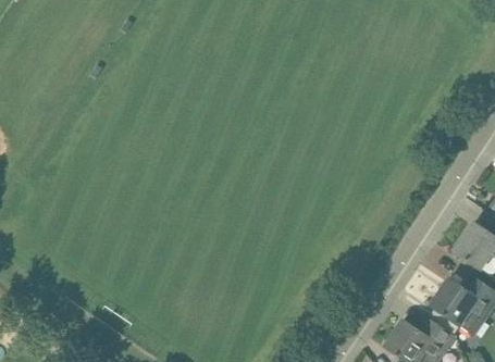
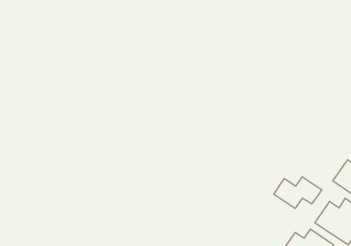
building: none -> [274,177,322,208]

